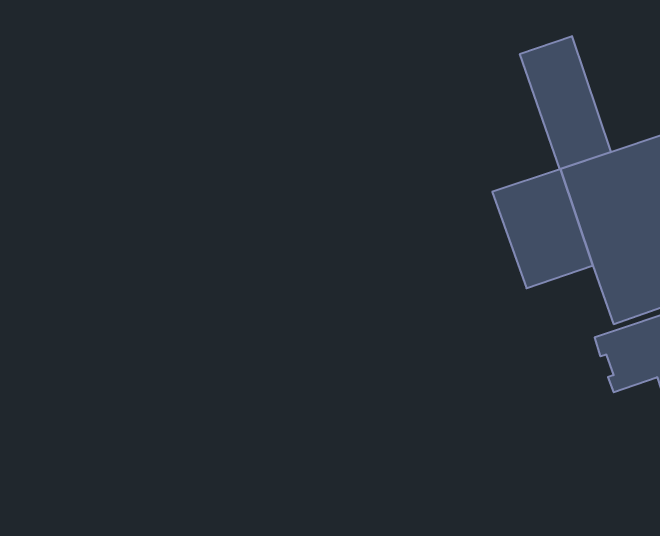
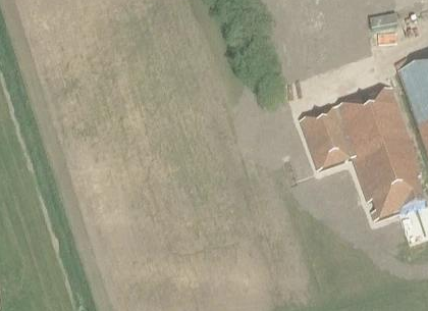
building: [520,36,611,169] -> none

